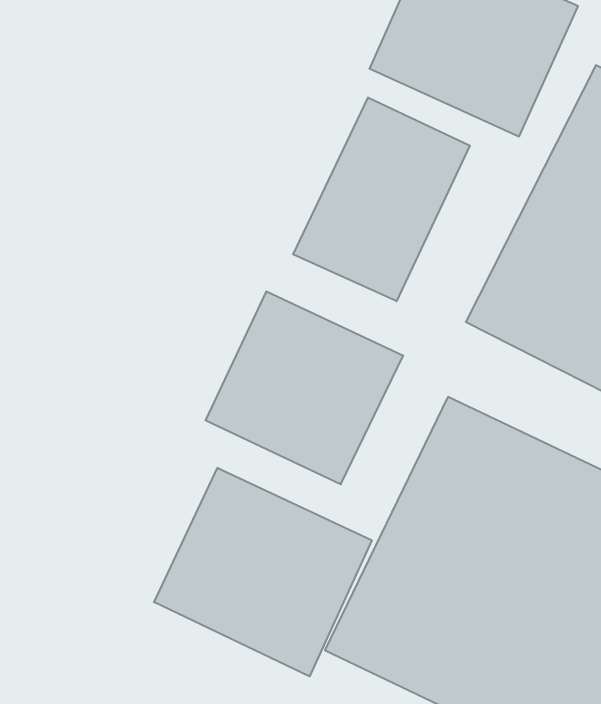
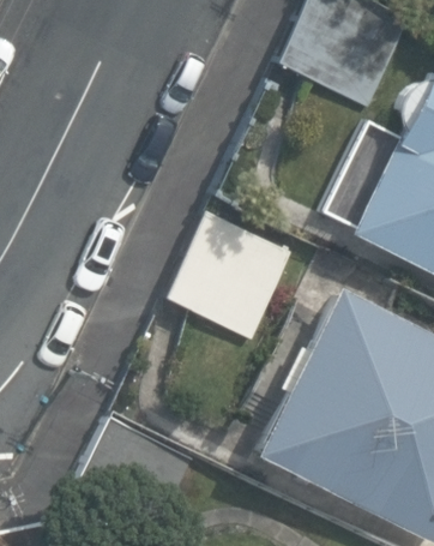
building: [293,97,470,301] -> none
building: [154,468,372,676] -> none

